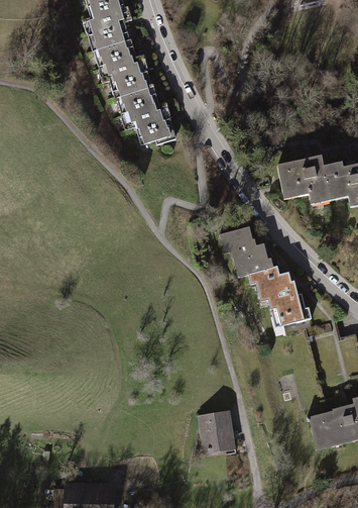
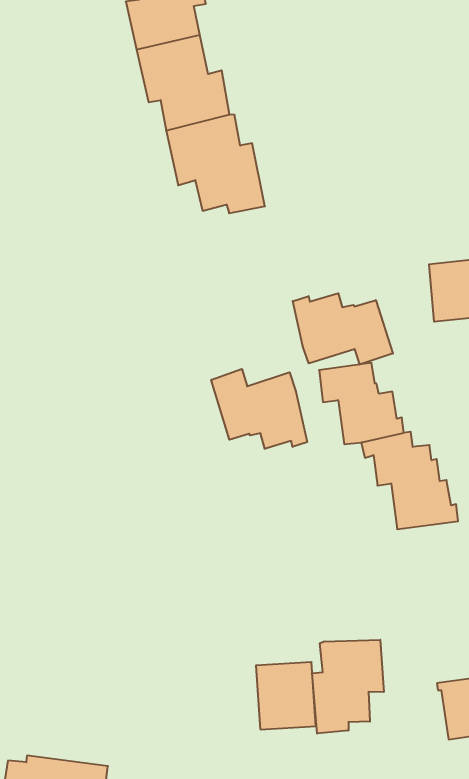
building: none -> [293,293,393,365]
building: none -> [211,369,307,449]
building: none -> [312,640,384,734]

